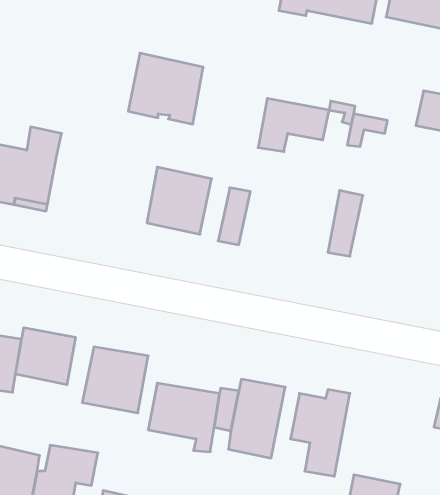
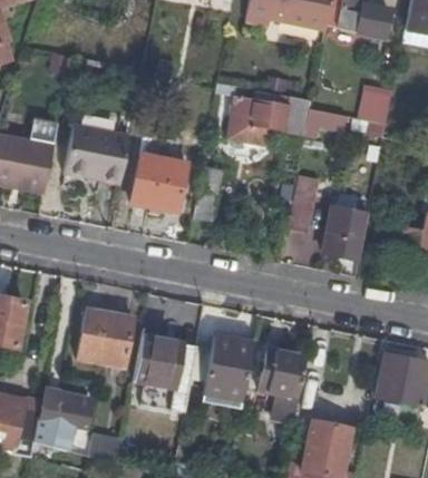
building: [128,53,203,124] -> [66,124,130,185]
building: none -> [323,206,369,260]
building: [16,328,75,385] -> none

